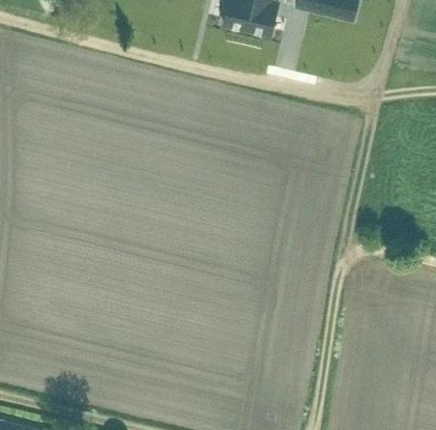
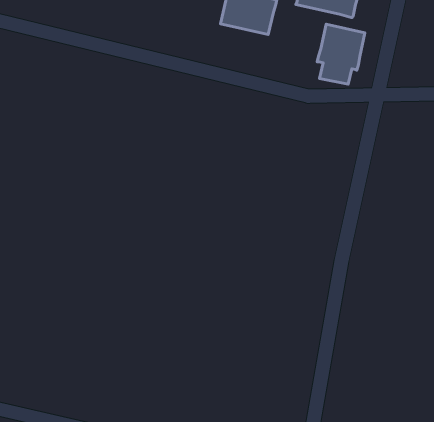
building: none -> [317,24,365,84]

